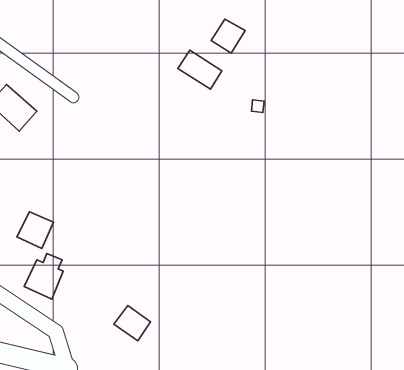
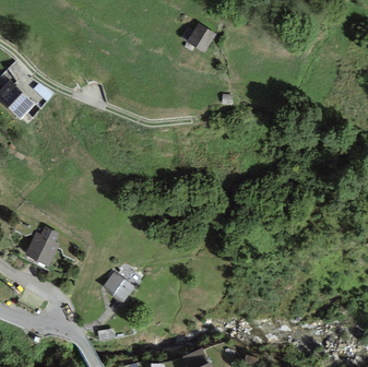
building: [178,50,222,89] -> none
building: [17,212,54,248] -> none

